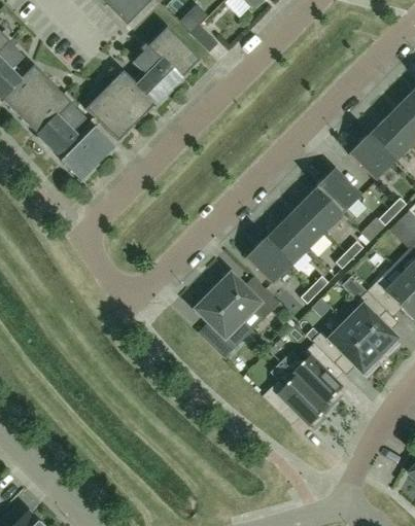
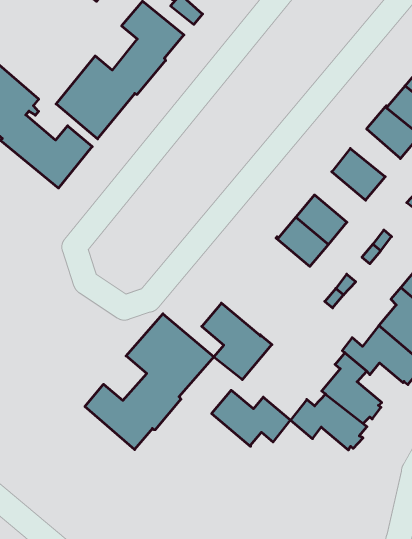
building: [300,186,343,231] -> none
building: [246,239,290,283] -> none
building: [212,272,279,321] -> [212,390,290,446]
building: none -> [85,314,214,450]

